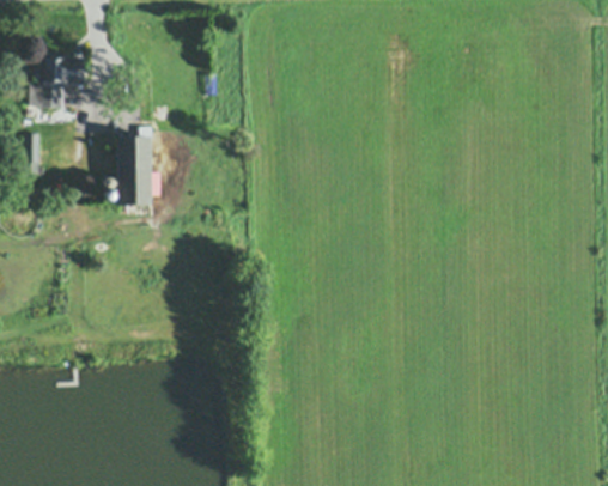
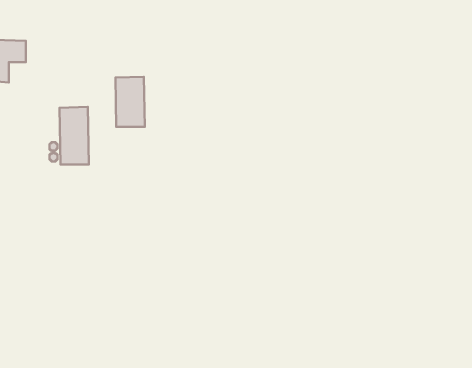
building: none -> [115,77,145,127]

